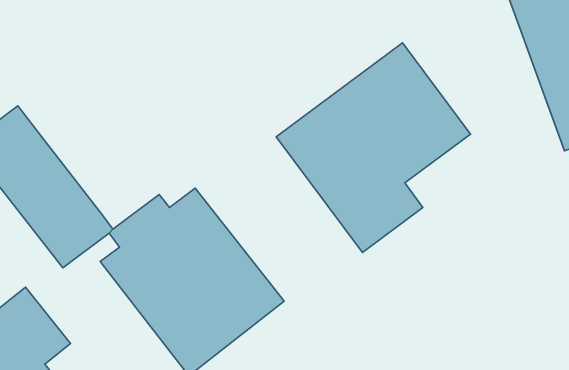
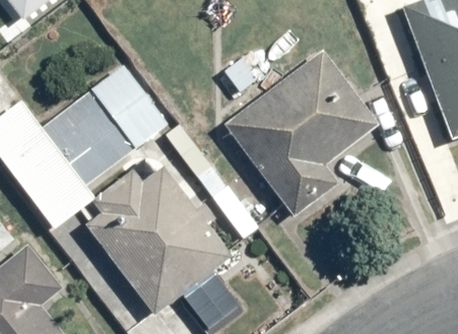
building: none -> [41,65,167,187]

